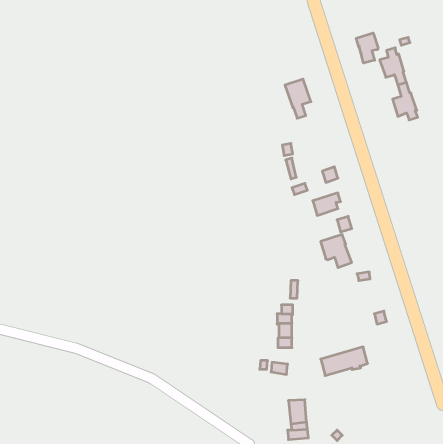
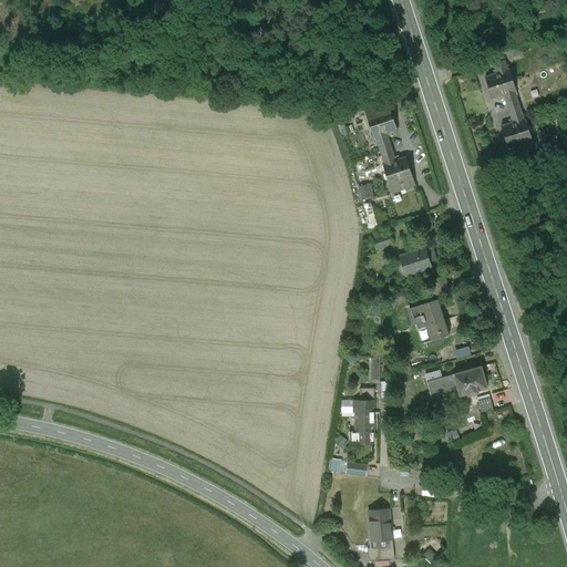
building: [356,33,378,63] -> none
building: none -> [379,147,414,193]
building: [321,347,368,376] -> [426,367,486,403]

